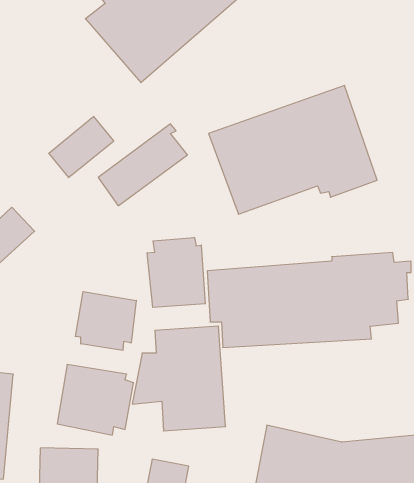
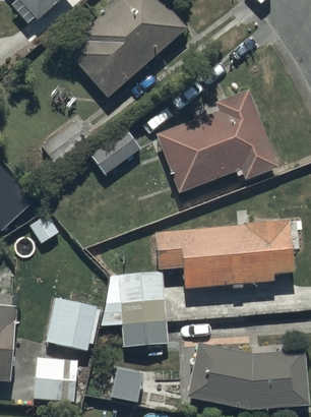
building: [147,237,205,307] -> none
building: [76,292,136,350] -> none

